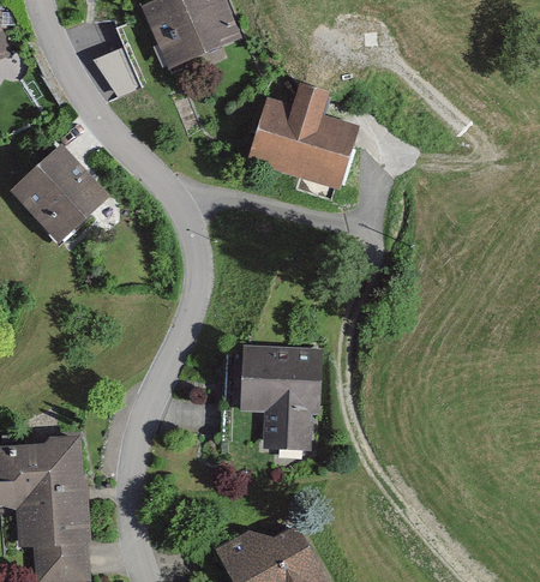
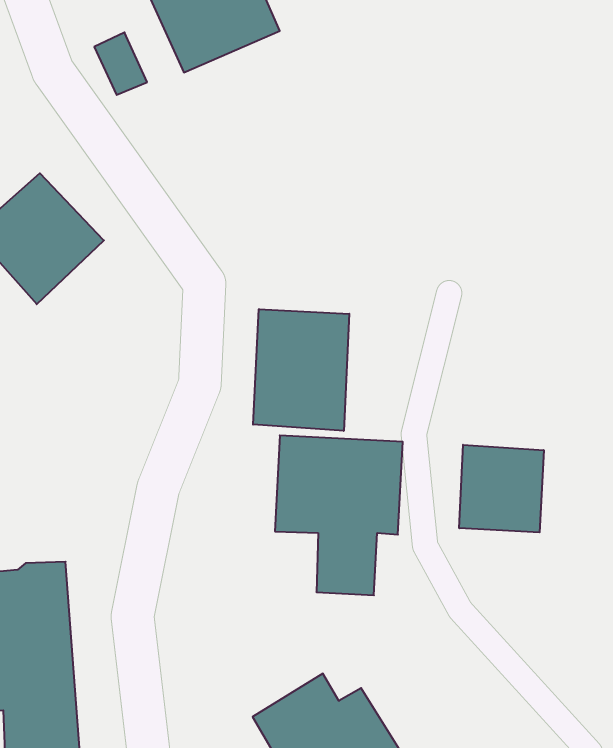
building: [247,83,358,188] -> none
building: none -> [253,309,349,431]
building: none -> [459,445,544,532]

